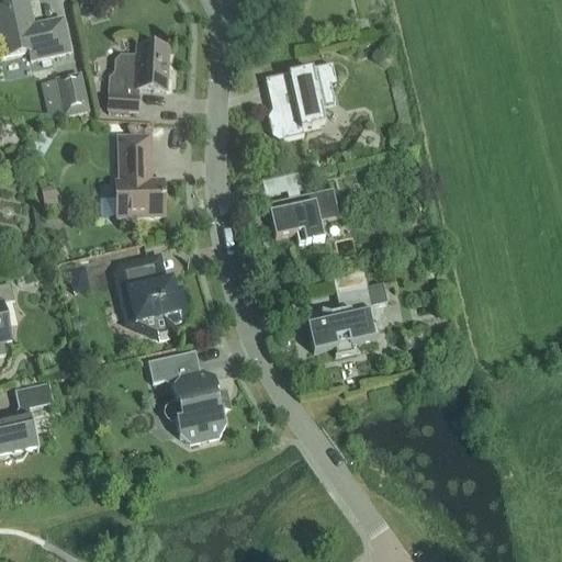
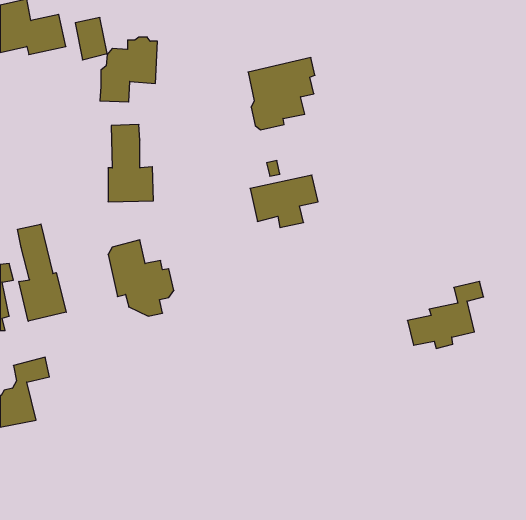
building: [53,70,87,115] -> [75,18,107,60]
building: none -> [18,224,66,321]
building: [306,282,387,353] -> [407,281,484,348]
building: [147,349,226,442] -> none

